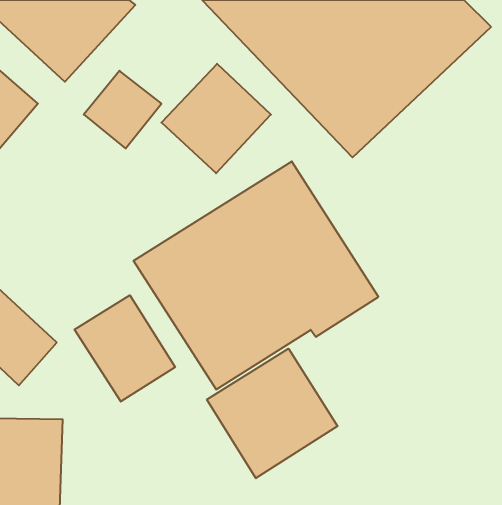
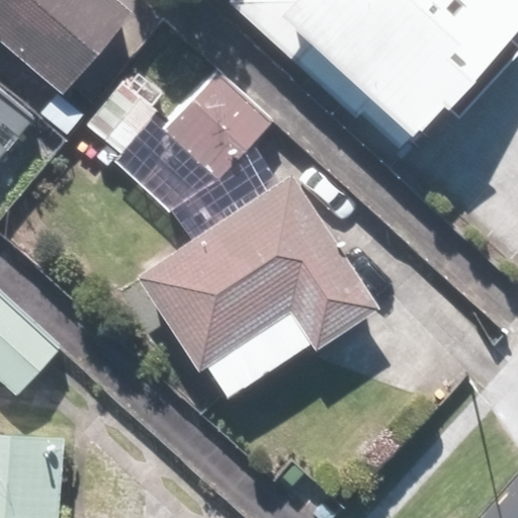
building: [75,295,175,402] -> none
building: [207,349,338,478] -> none

